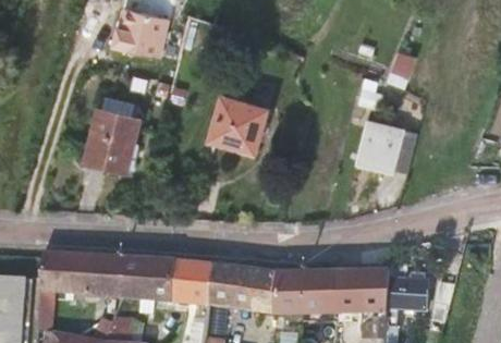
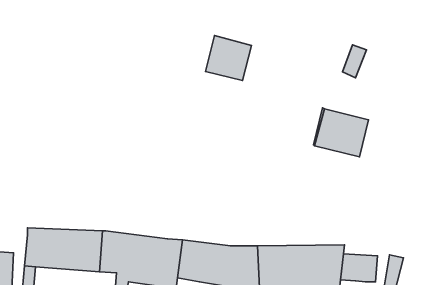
building: [110,8,166,57] -> none
building: [213,98,264,147] -> [206,36,252,81]
building: [86,110,137,169] -> none

